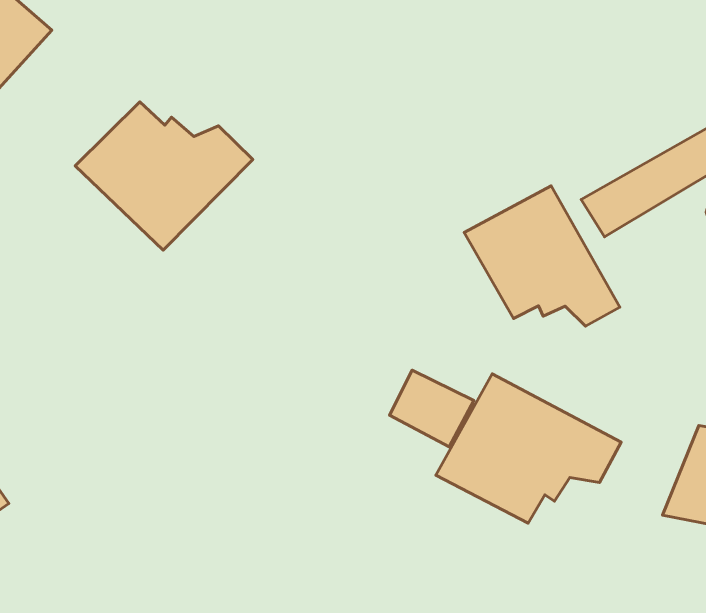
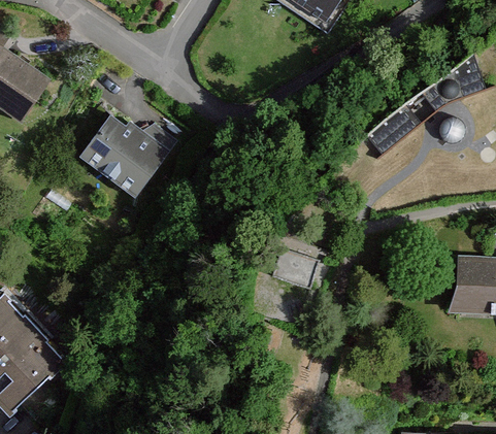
building: [464,186,620,326] -> none
building: [436,374,621,523] -> none

